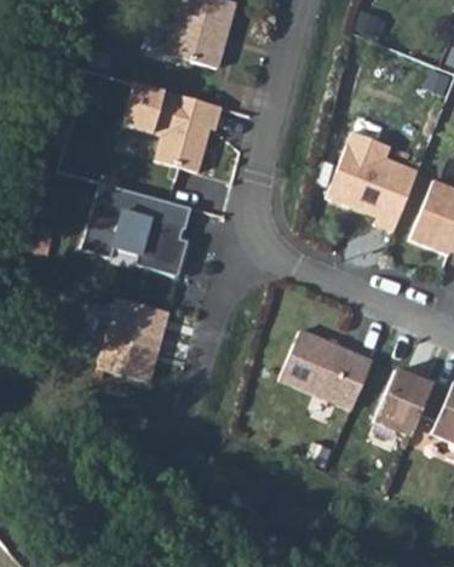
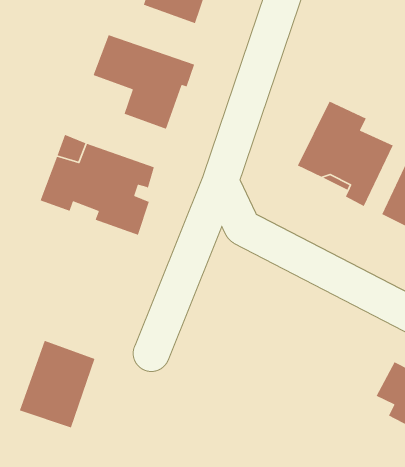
building: [98,298,168,382] -> [19,340,96,428]
building: [281,331,373,411] -> none
building: [374,371,435,436] -> none

